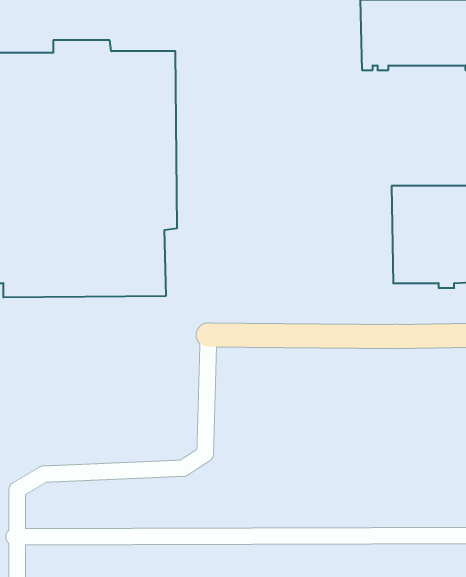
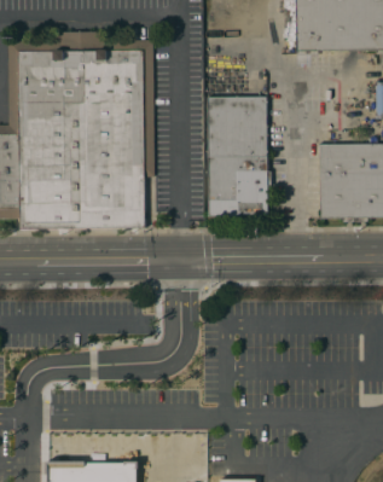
building: none -> [207,97,271,216]

